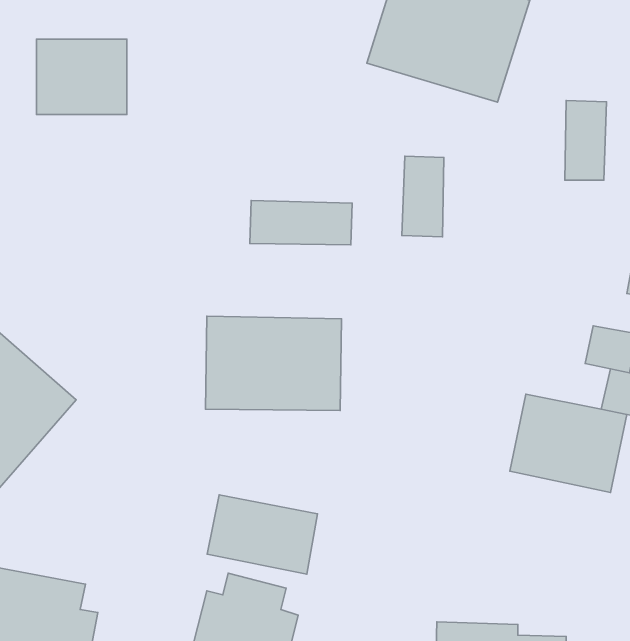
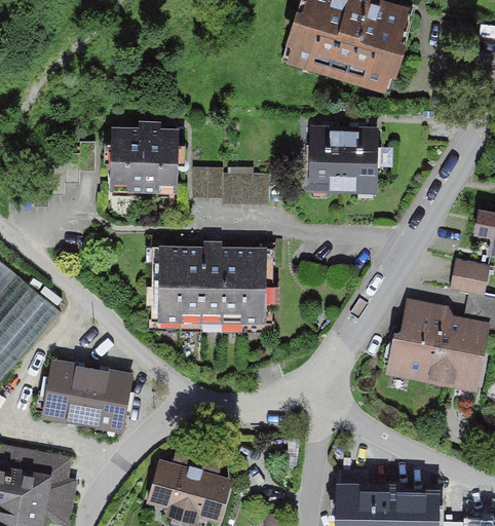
building: [37,39,127,115] -> [110,130,179,188]
building: [565,101,607,180] -> [340,132,372,192]
building: [207,495,318,574] -> [43,362,127,422]

